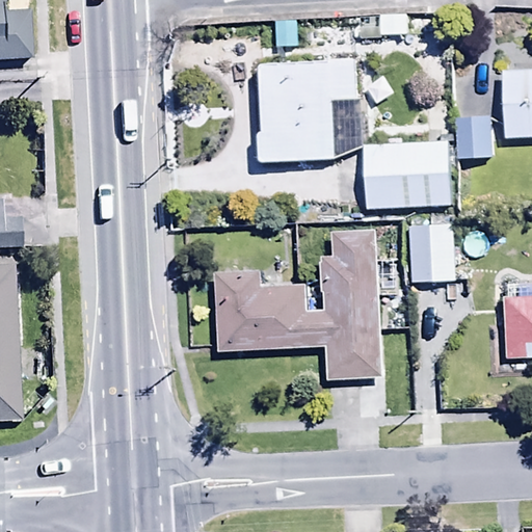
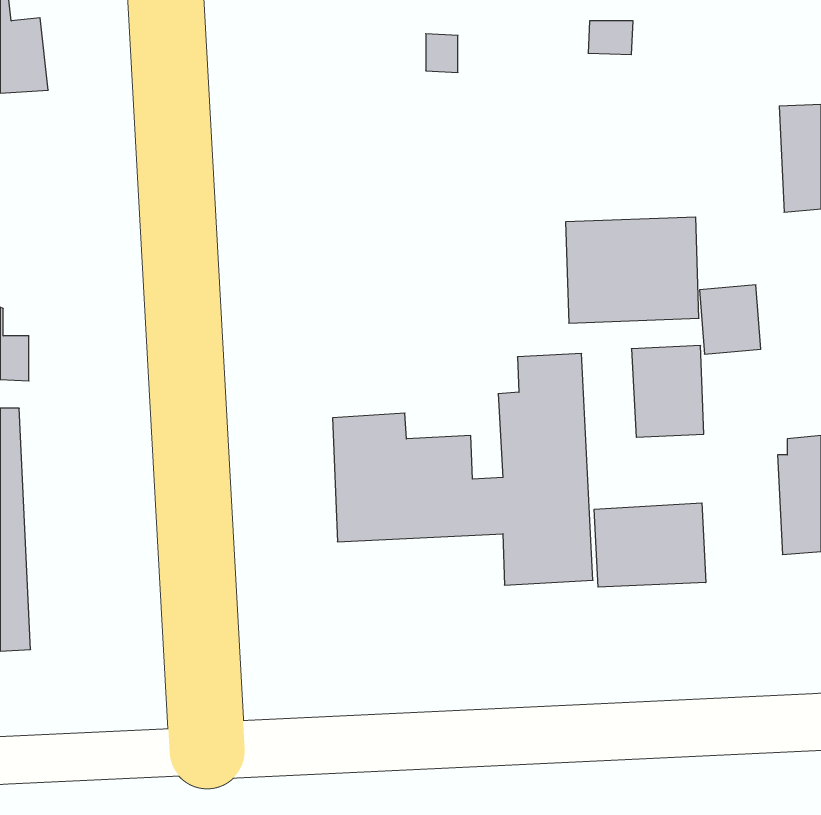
building: [256,59,356,163] -> none
building: [454,114,494,159] -> [700,285,761,354]
building: none -> [594,503,706,587]

